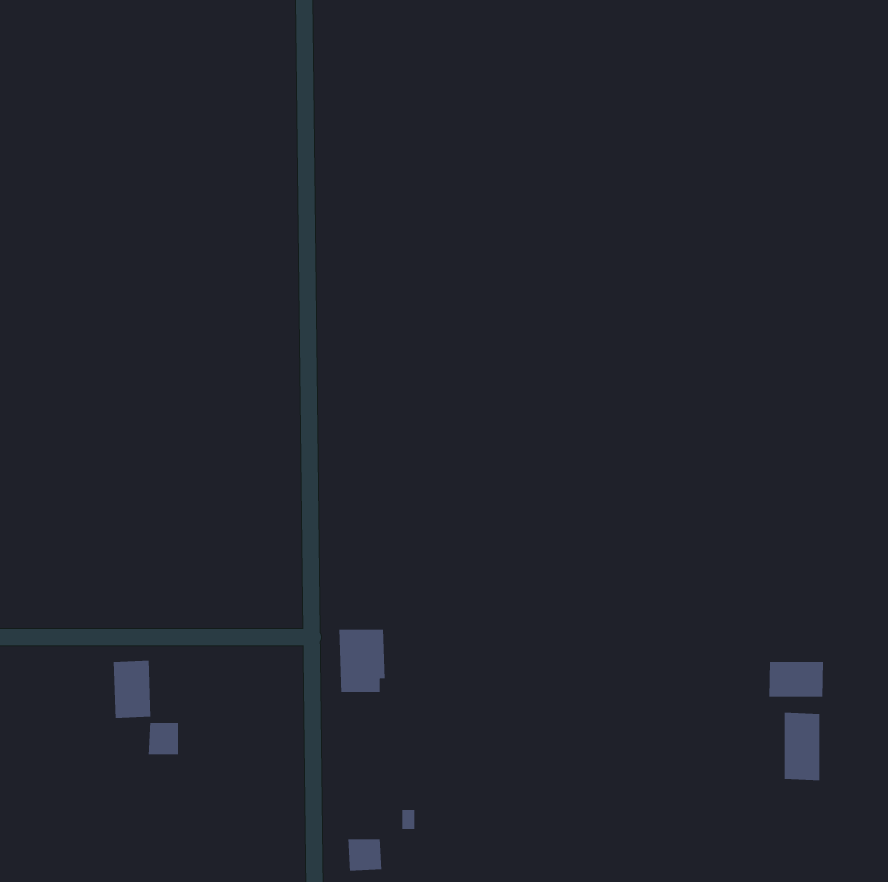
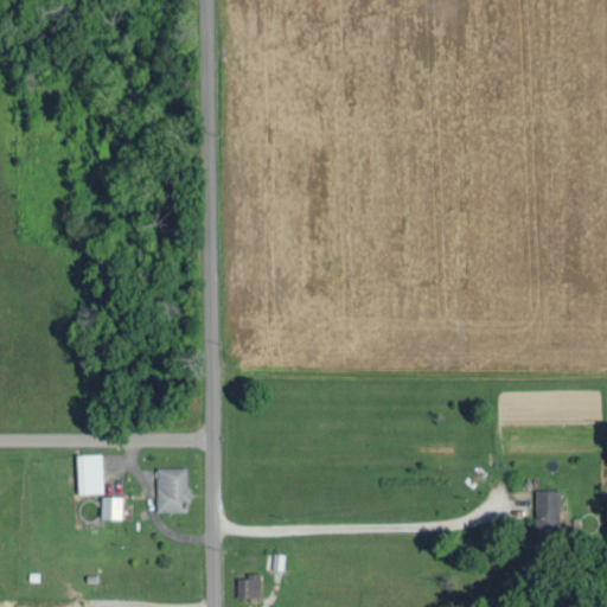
building: [339,629,386,693] -> [156,468,189,512]
building: [768,661,824,697] -> none

